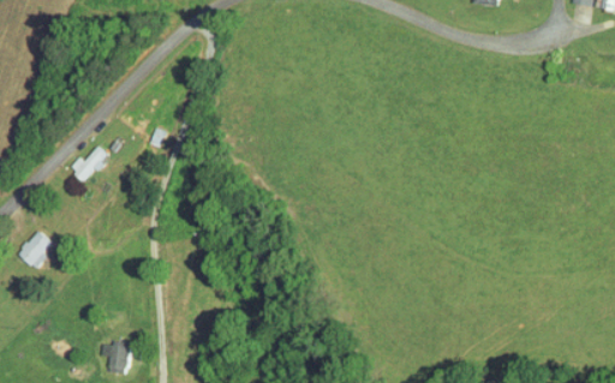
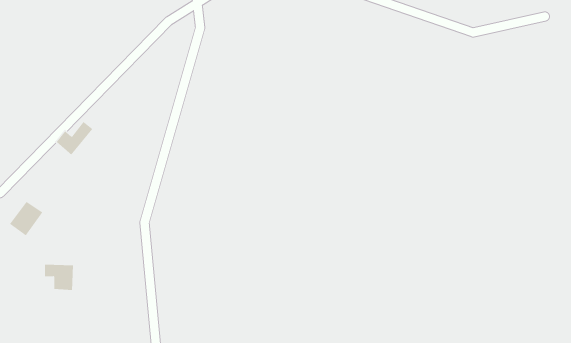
building: [100,343,131,371] -> [44,264,74,290]

